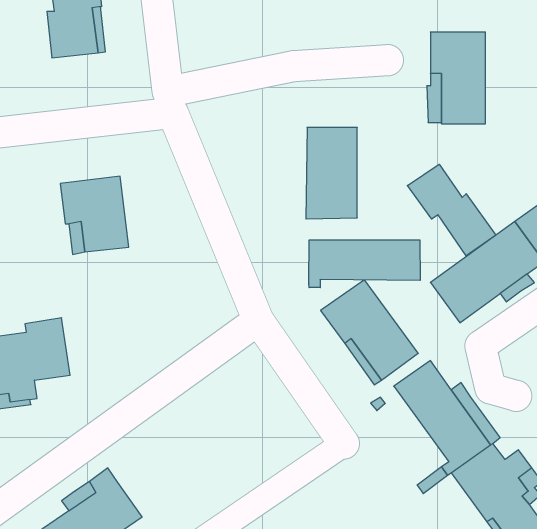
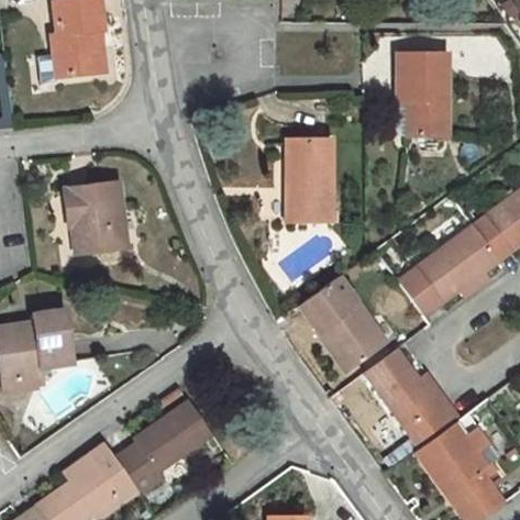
building: [407,164,496,256] -> none
building: [309,240,420,288] -> none
building: none -> [117,401,213,494]

